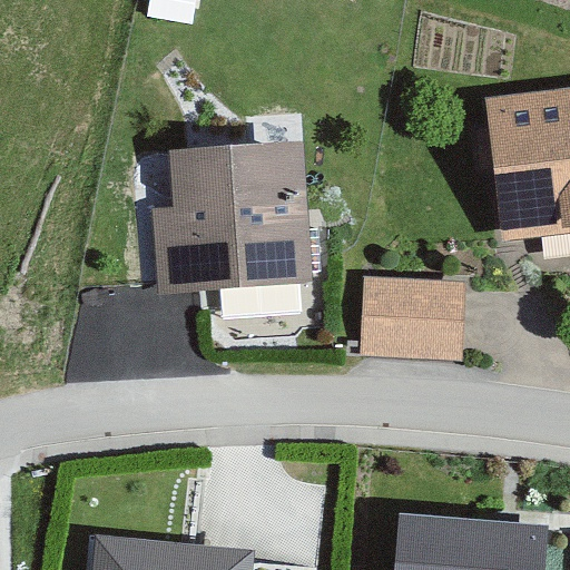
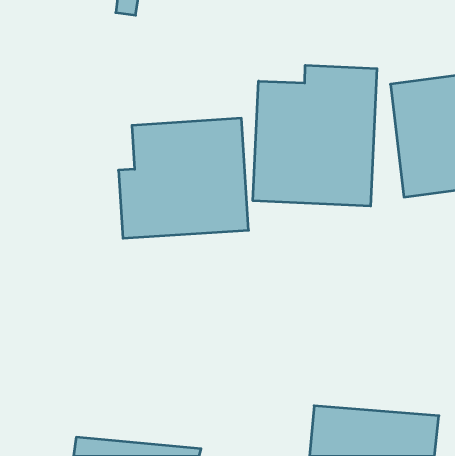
building: none -> [253,65,377,206]
building: [361,279,462,360] -> none

